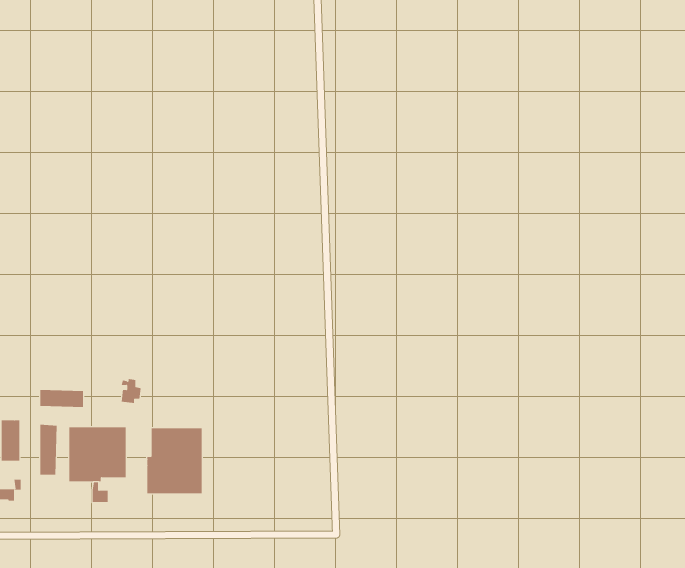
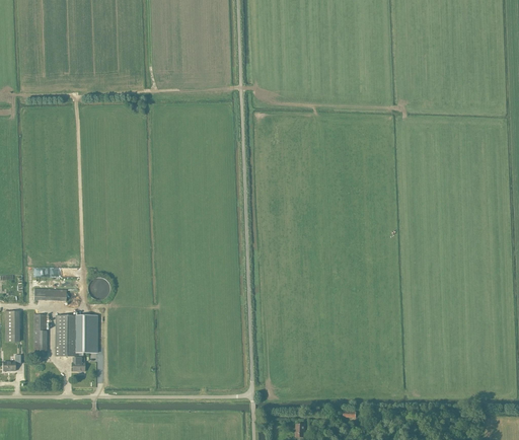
building: [147,427,202,494] -> none

